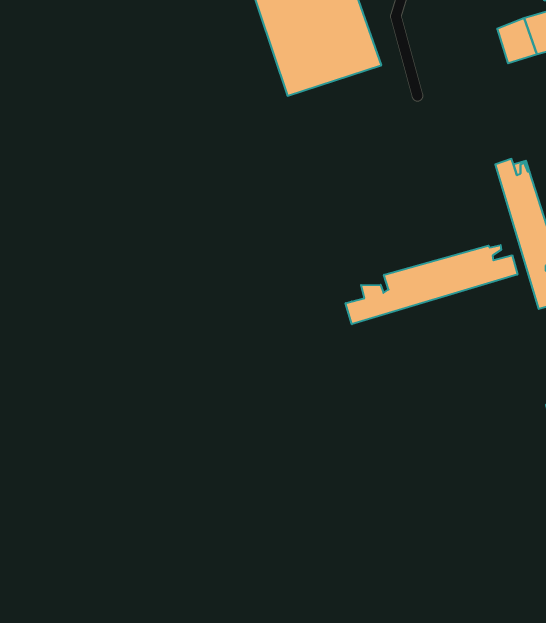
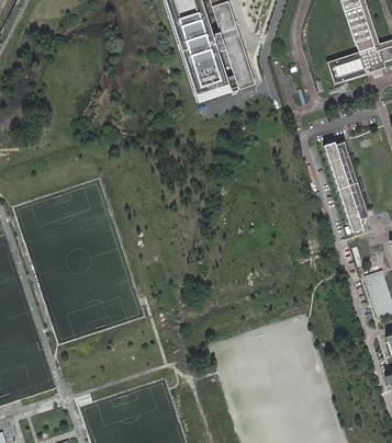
building: [346,245,517,324] -> none

